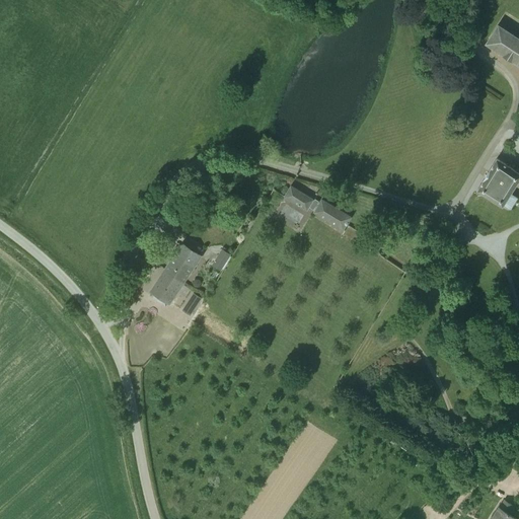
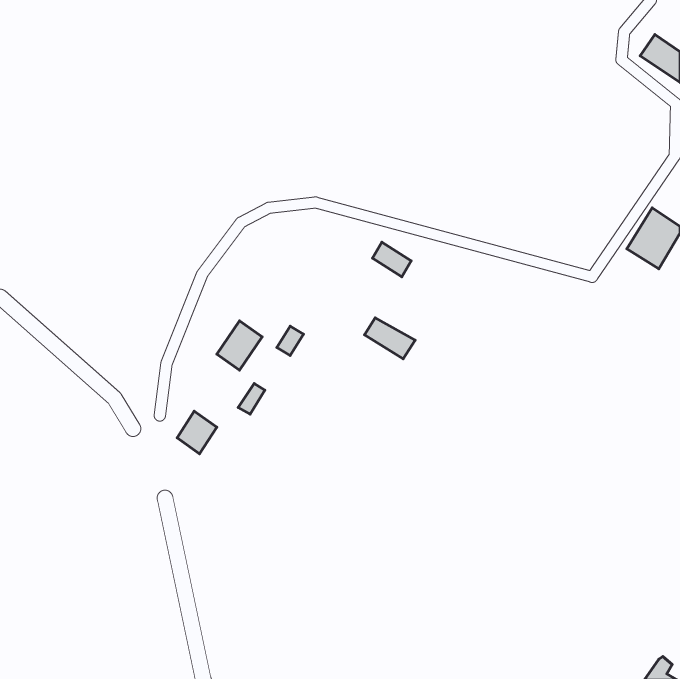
building: [313,200,352,231] -> [364,318,415,359]
building: [152,271,182,303] -> [177,411,217,454]

